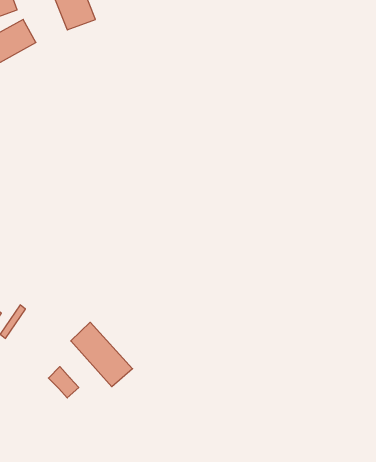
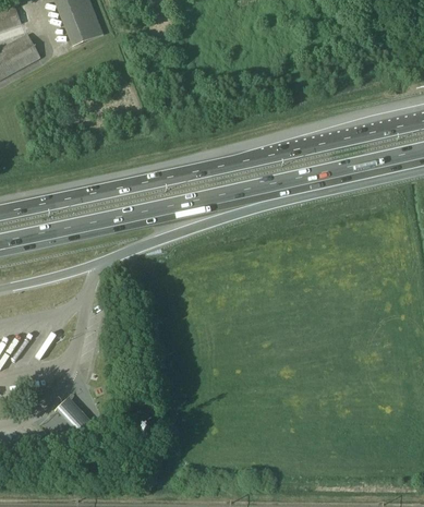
building: [71,322,133,387] -> none

